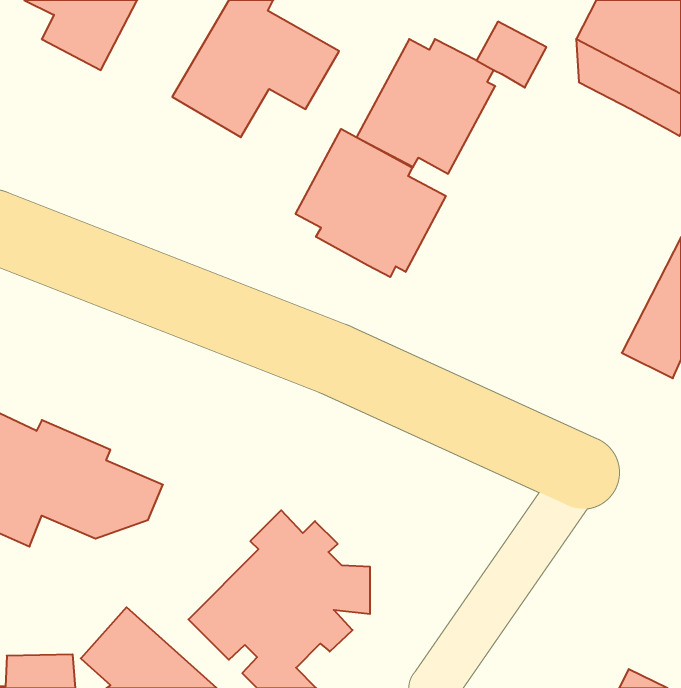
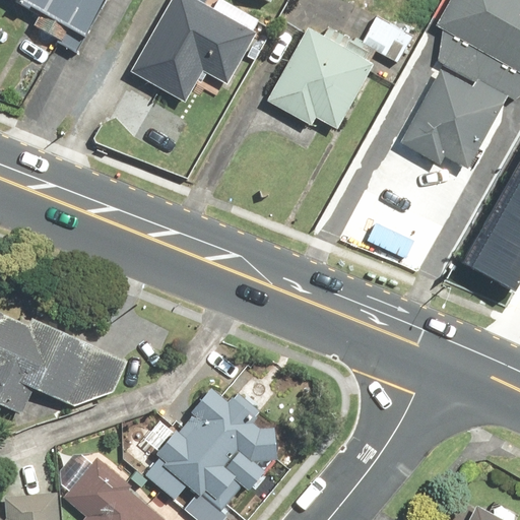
building: none -> [401,71,506,170]
building: [296,129,446,277] -> none

